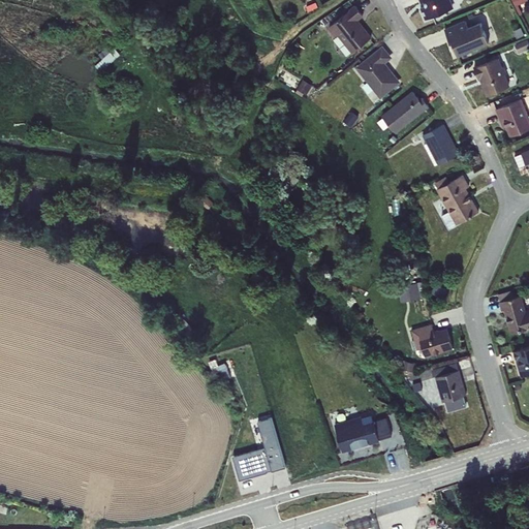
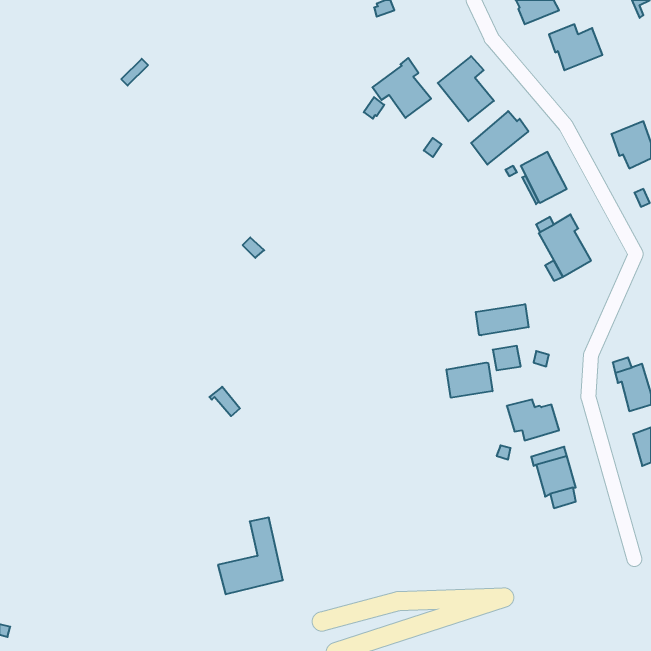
building: [324,5,372,54] -> [372,58,431,118]
building: [472,59,509,97] -> none
building: none -> [476,304,529,335]
building: none -> [447,363,492,398]
building: [337,415,395,450] -> none
building: [234,416,286,478] -> [218,518,283,594]

